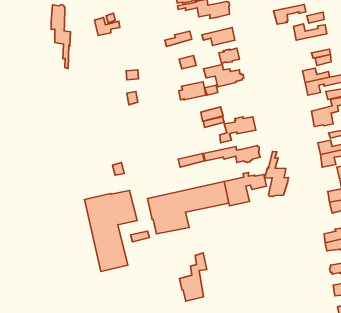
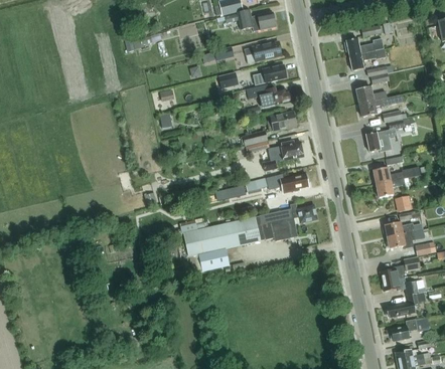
building: [51,5,70,68] -> none
building: [274,5,306,24] -> [349,48,386,70]
building: [179,82,206,100] -> [267,111,297,131]
building: [265,152,288,196] -> none
building: [85,190,137,272] -> none
building: [179,253,207,301] -> none

